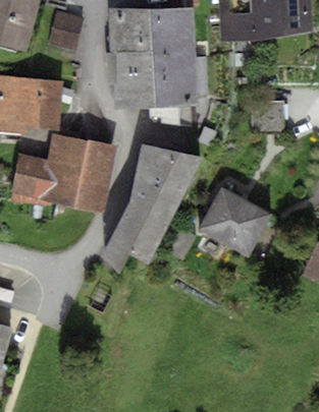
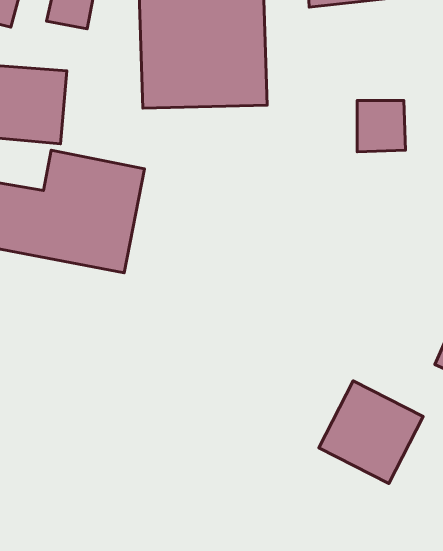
building: [107,144,199,261] -> none
building: [200,189,268,256] -> [319,381,423,483]

